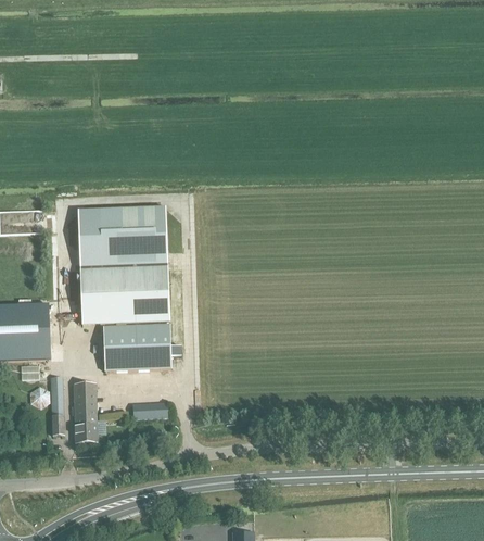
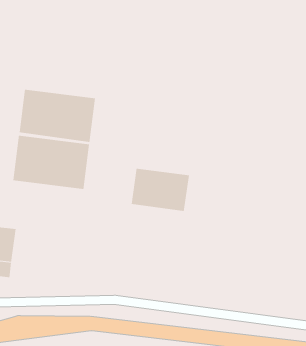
building: [103,323,170,369] -> [131,168,190,211]
building: [132,401,168,418] -> none

